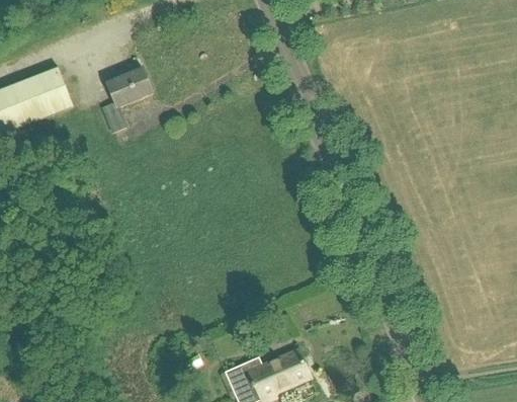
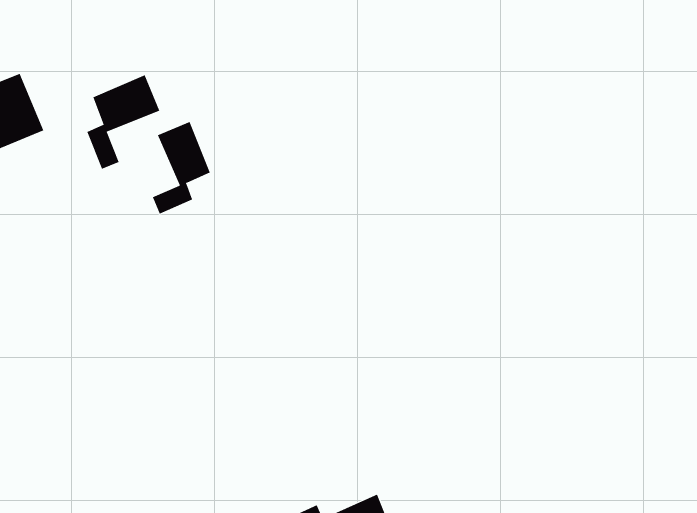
building: none -> [152,121,211,214]

